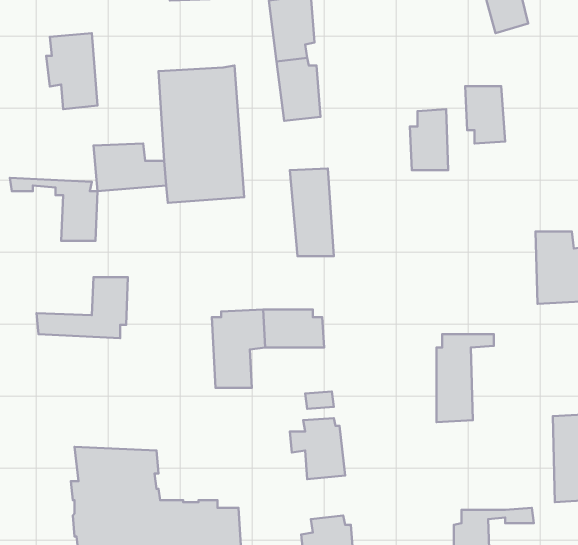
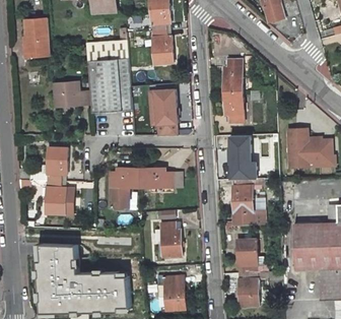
building: [465,86,505,143] -> [220,94,242,125]
building: [10,178,97,241] -> [21,182,68,215]
building: none -> [231,139,259,182]
building: none -> [241,241,270,275]

